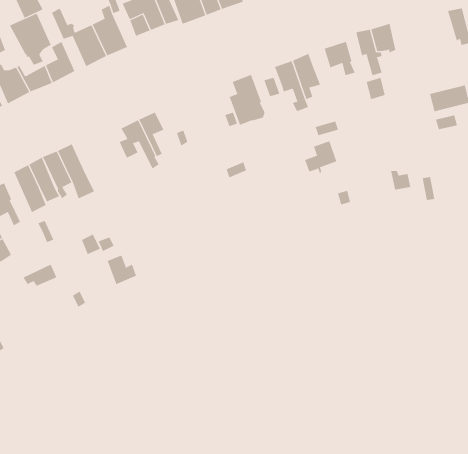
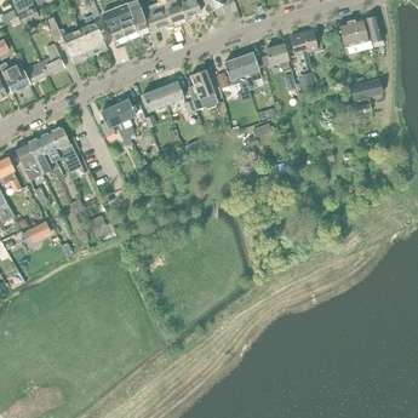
building: none -> [337,17,372,53]
building: [9,13,52,66] -> none
building: none -> [142,79,184,110]

